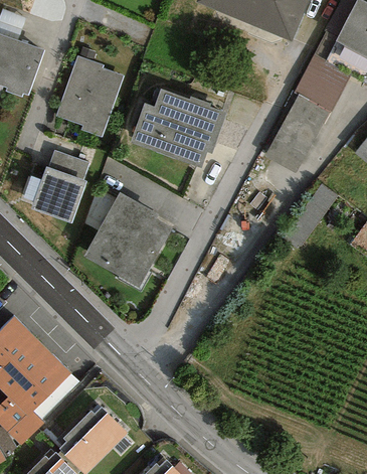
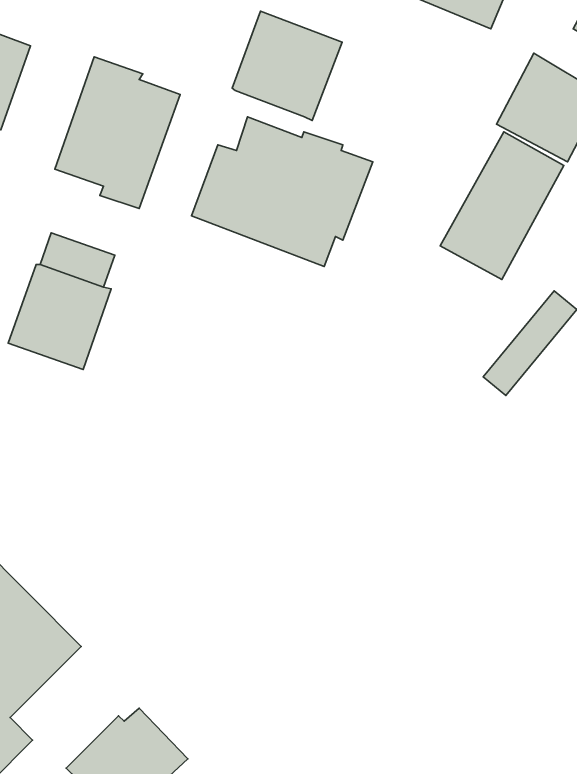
building: none -> [232,11,342,120]
building: [83,191,173,287] -> none

